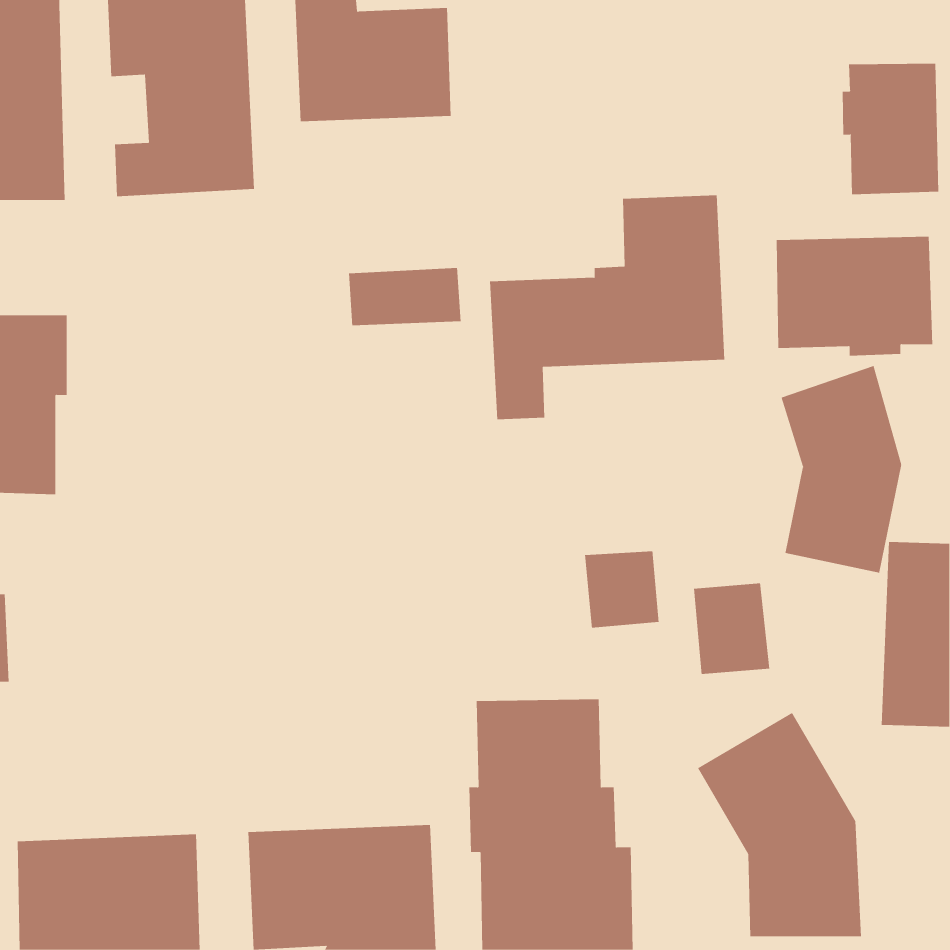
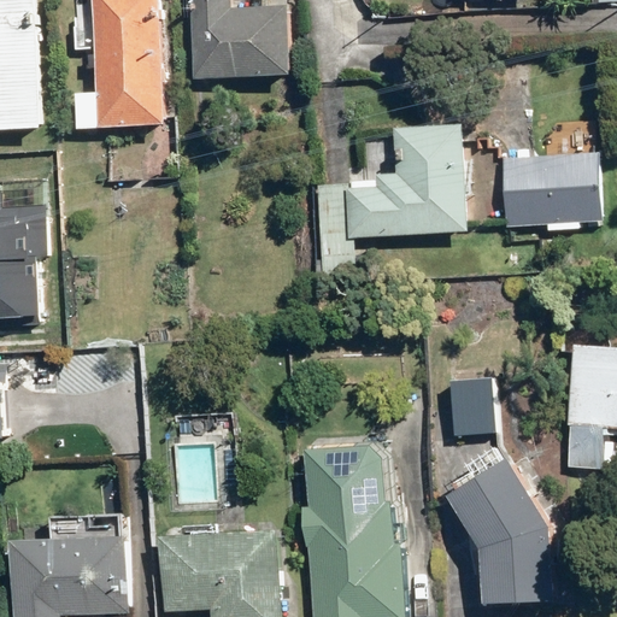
building: [842,63,939,195] -> none
building: [349,267,461,326] -> none
building: [781,365,902,574] -> none
building: [585,551,659,629] -> none

